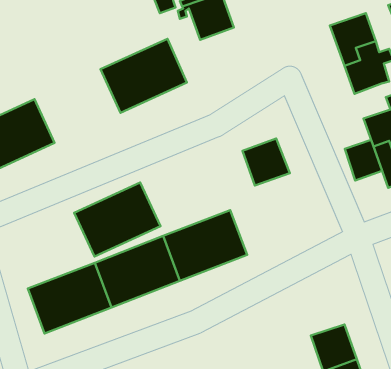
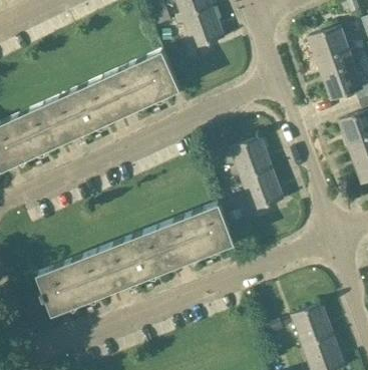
building: [345,140,382,180] -> none
building: none -> [242,170,284,213]
building: [74,182,160,256] -> [44,77,121,143]

